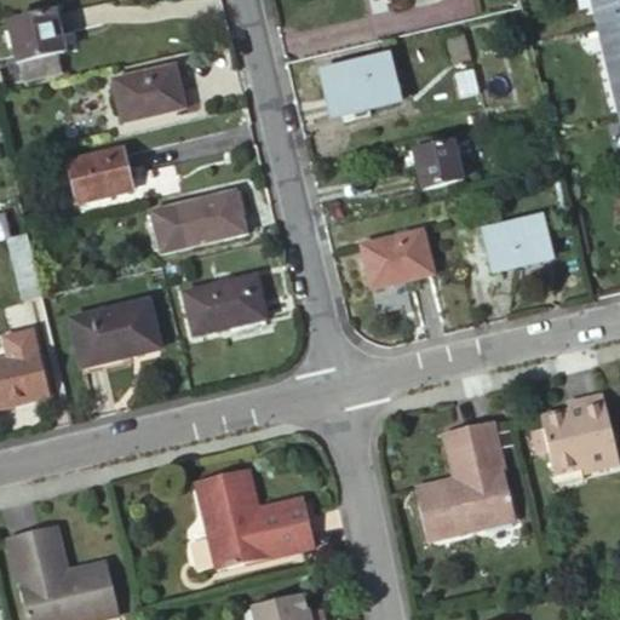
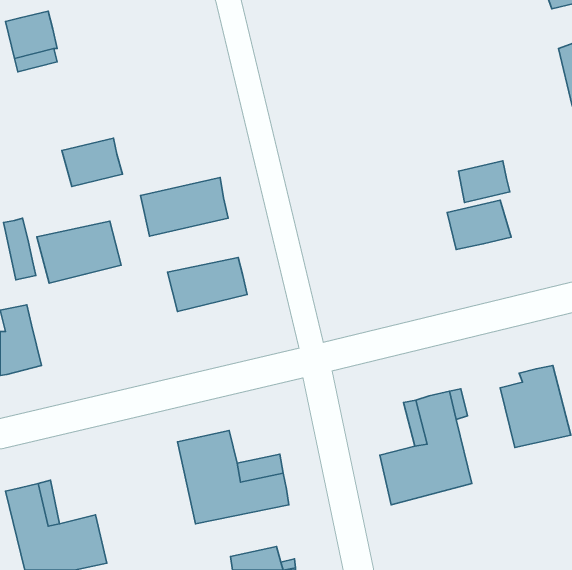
building: [321,54,403,114] -> none
building: [114,65,183,122] -> none
building: [411,139,461,190] -> none
building: none -> [459,161,510,203]
building: [366,231,431,286] -> none
building: [67,303,157,369] -> [37,221,121,283]

